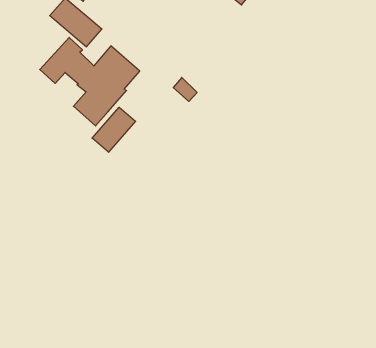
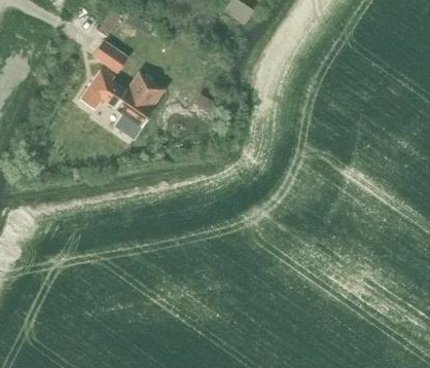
building: [92,107,136,152] -> none

